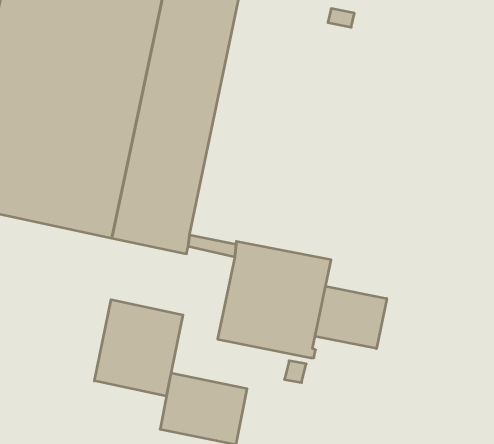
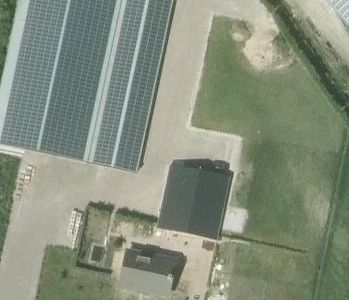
building: [315,286,387,349] -> none
building: [94,300,183,396] -> none

